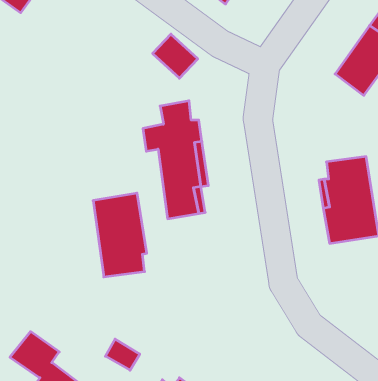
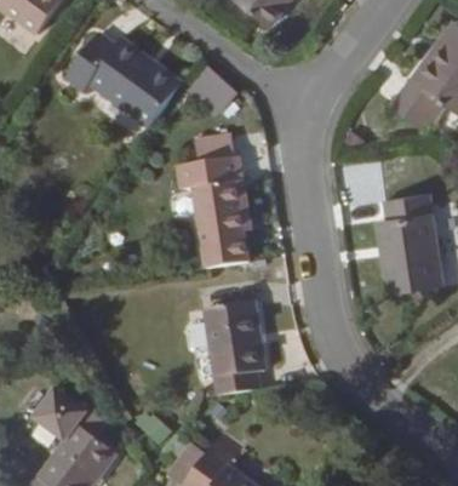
building: none -> [65,33,179,124]
building: [93,193,147,277] -> [205,304,265,399]

